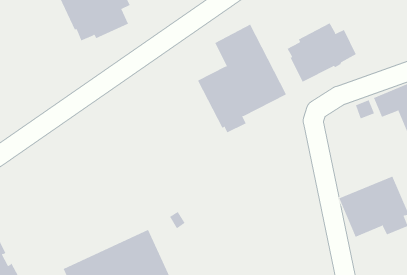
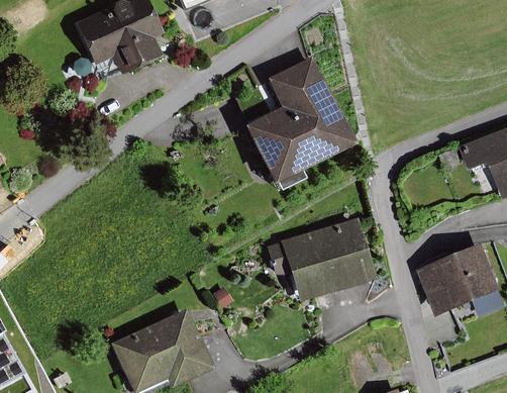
building: [287,23,356,82] -> none
building: none -> [267,217,375,301]

